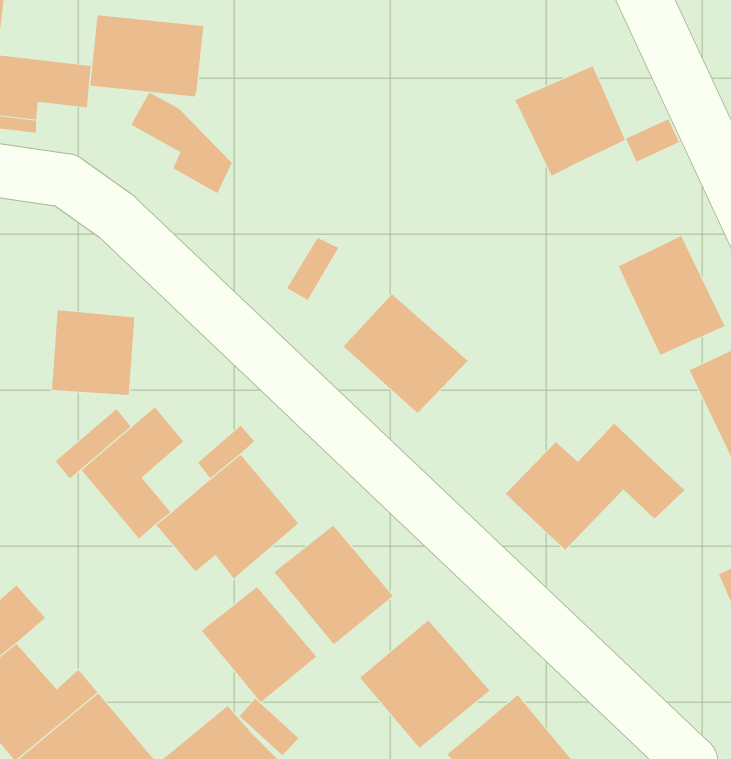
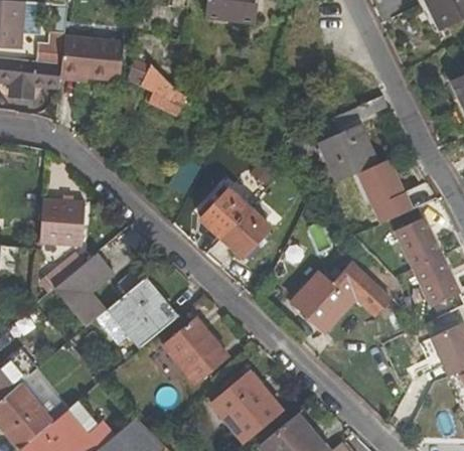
building: [515,65,626,177] -> [317,121,378,182]
building: [130,92,232,194] -> [128,59,184,116]
building: [201,586,317,703] -> none

